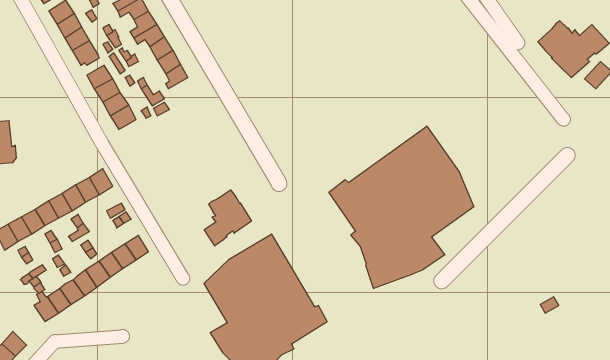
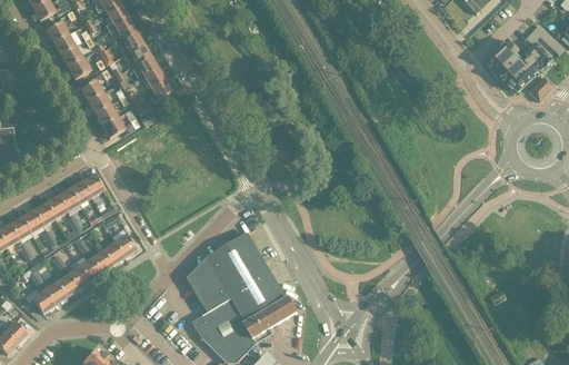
building: [329,126,474,289] -> none
building: [204,190,251,246] -> none

